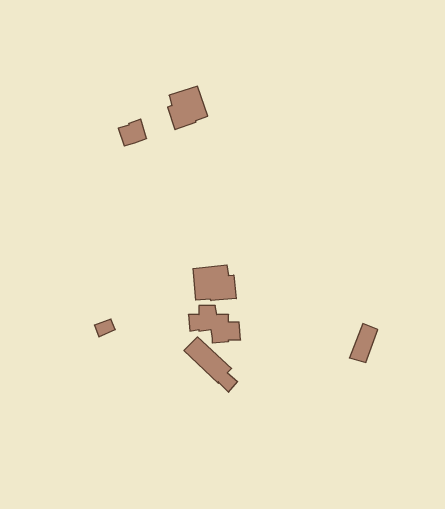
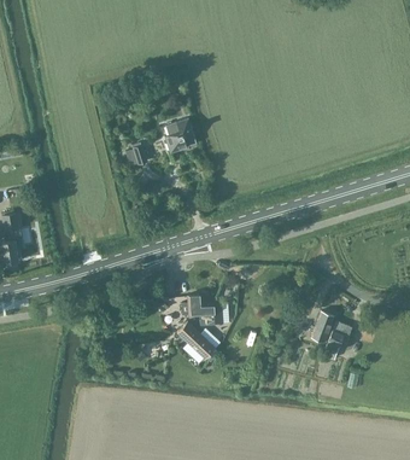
building: [193,265,236,301] -> none
building: none -> [323,320,352,359]

